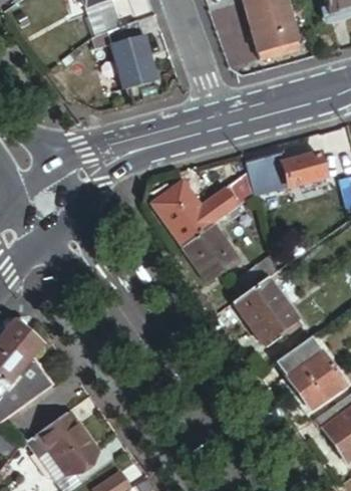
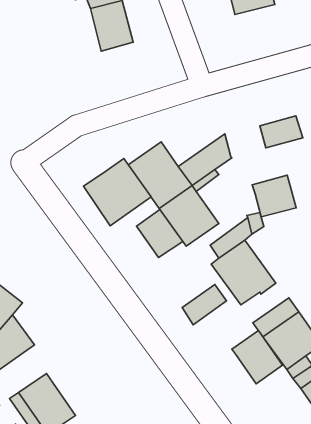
building: [245,152,289,194] -> [252,175,296,217]
building: none -> [83,158,151,226]
building: none -> [136,210,183,258]
building: none -> [182,284,227,325]
building: none -> [232,330,283,384]

